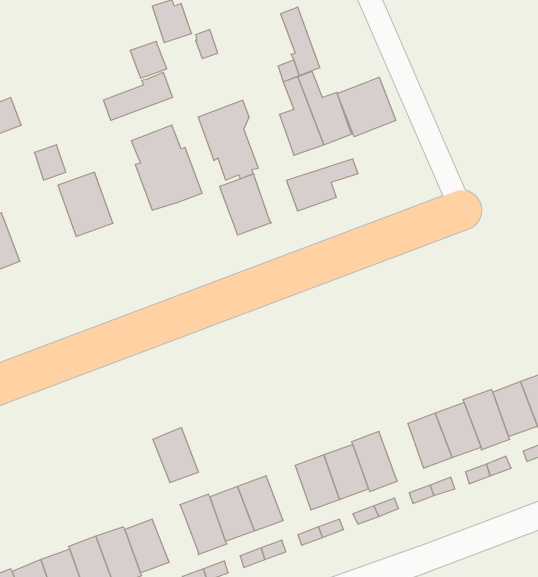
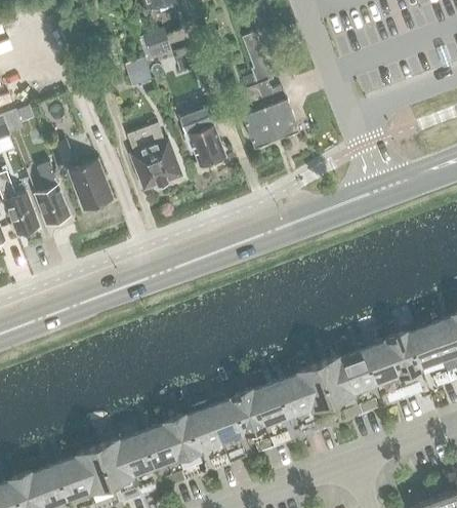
building: [103,72,173,120] -> none
building: [337,77,396,137] -> none
building: [287,159,358,211] -> none
building: none -> [36,161,71,226]
building: [220,174,271,235] -> none
building: none -> [320,356,356,403]
building: [153,428,199,483] -> [142,424,178,467]
building: none -> [232,389,267,436]

